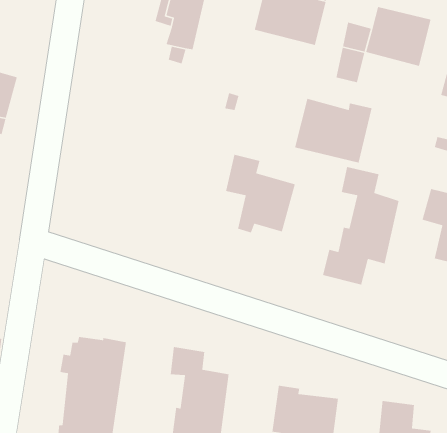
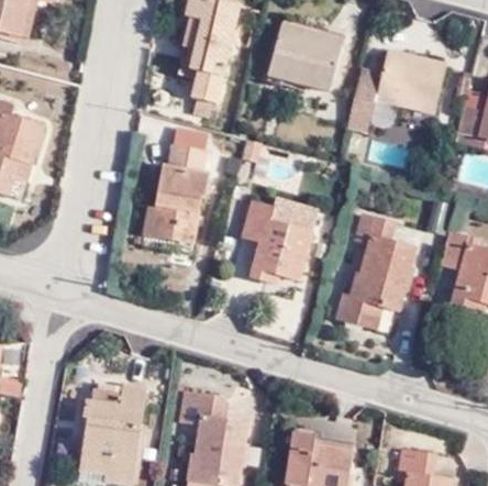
building: none -> [147,143,204,238]
building: [294,98,373,163] -> none

